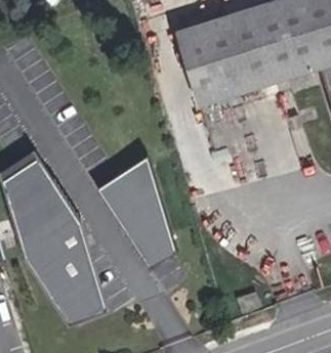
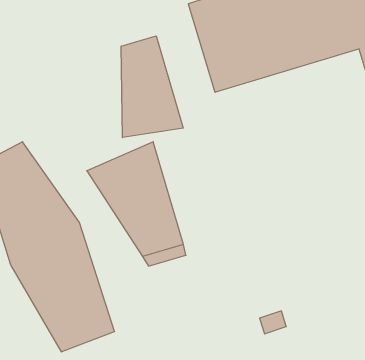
building: none -> [121,36,183,138]

